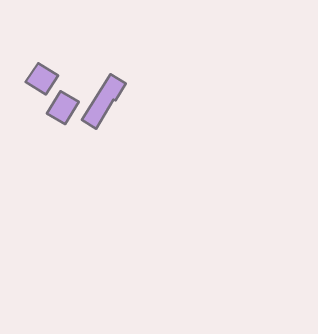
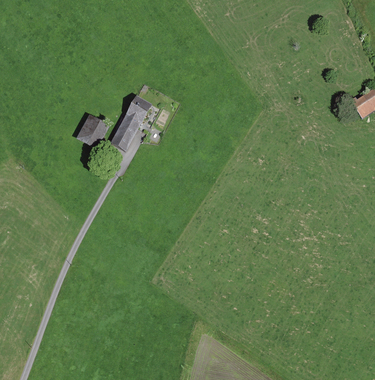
building: [26,63,58,94] -> none

